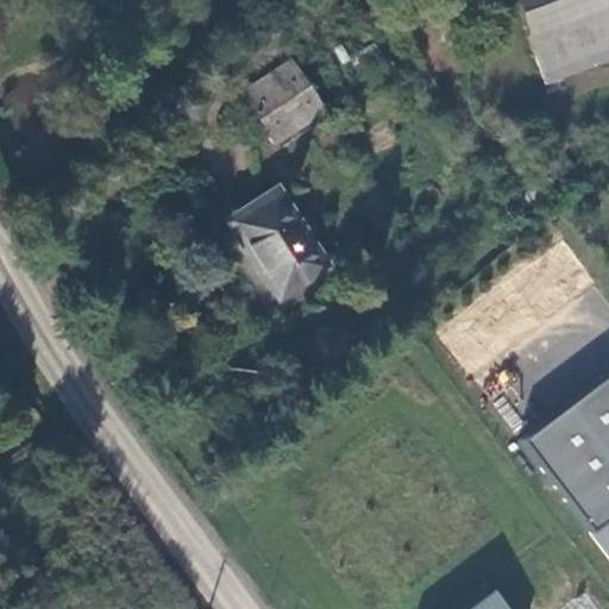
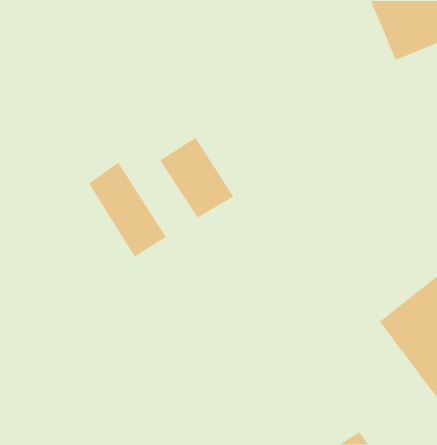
building: [247,57,331,139] -> none
building: none -> [88,162,167,258]

